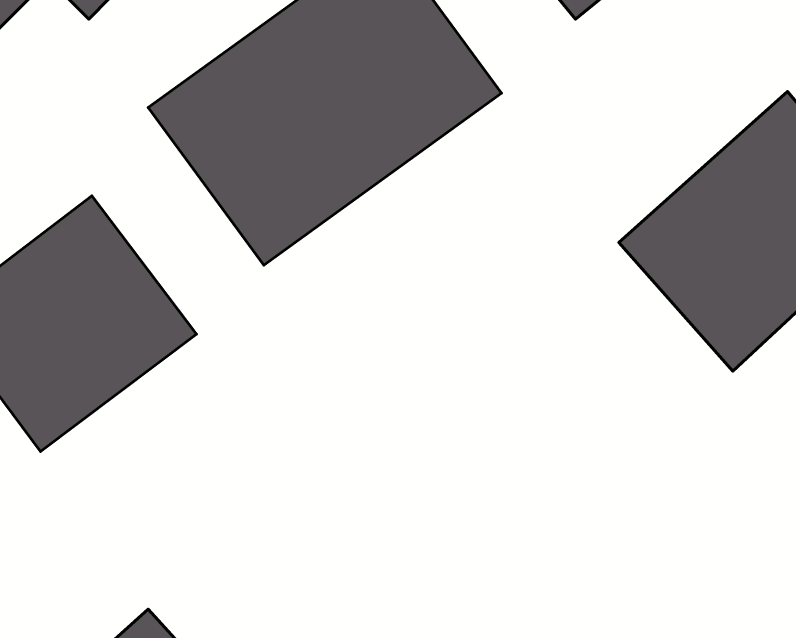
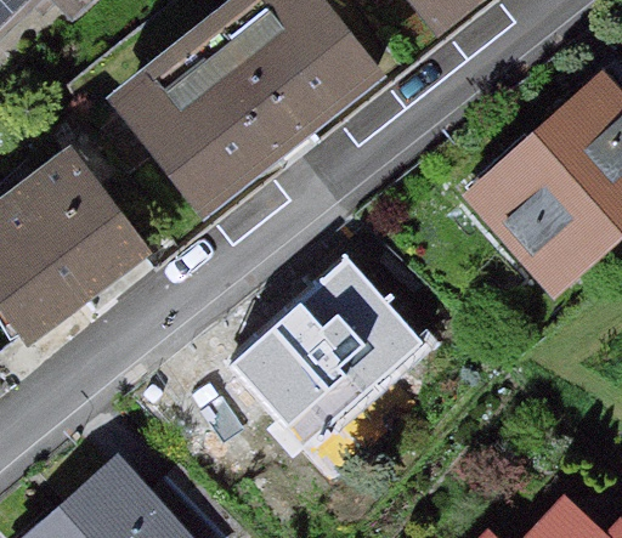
building: none -> [215,259,432,470]

